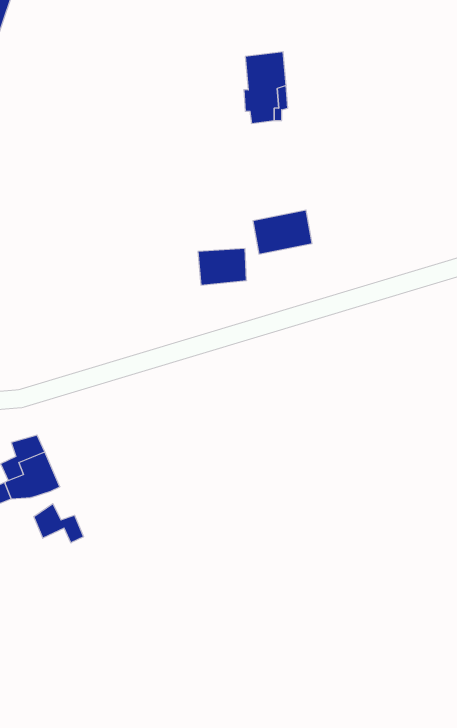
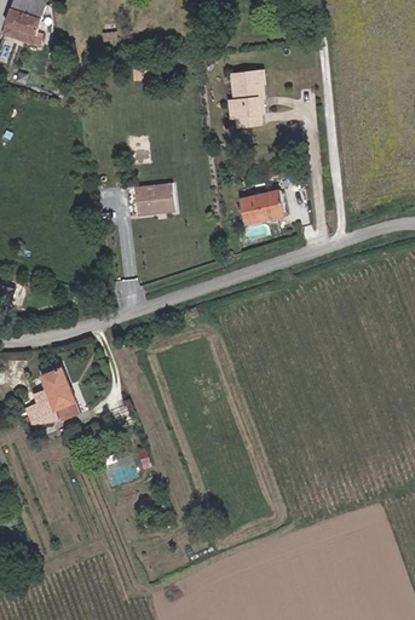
building: [198,249,247,285] -> [137,183,175,212]
building: [34,504,83,543] -> none

